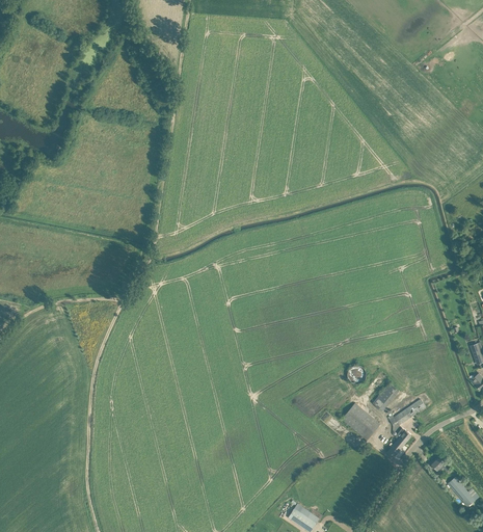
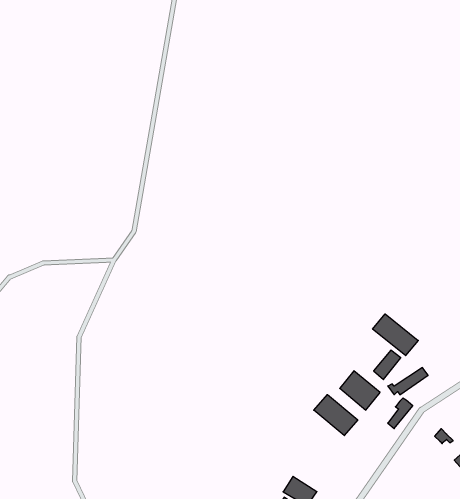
building: none -> [373,314,418,356]
building: none -> [314,395,358,436]

